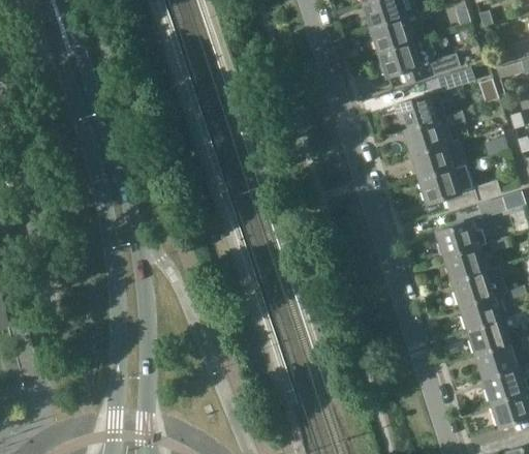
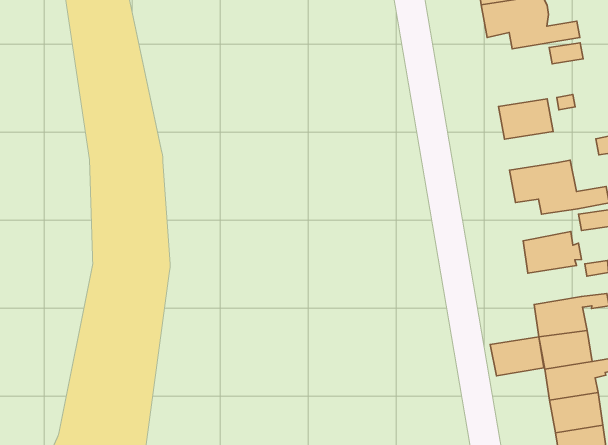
building: [395,91,443,129] -> none
building: [410,143,455,178] -> none
building: [443,245,488,280] -> [490,337,544,376]

